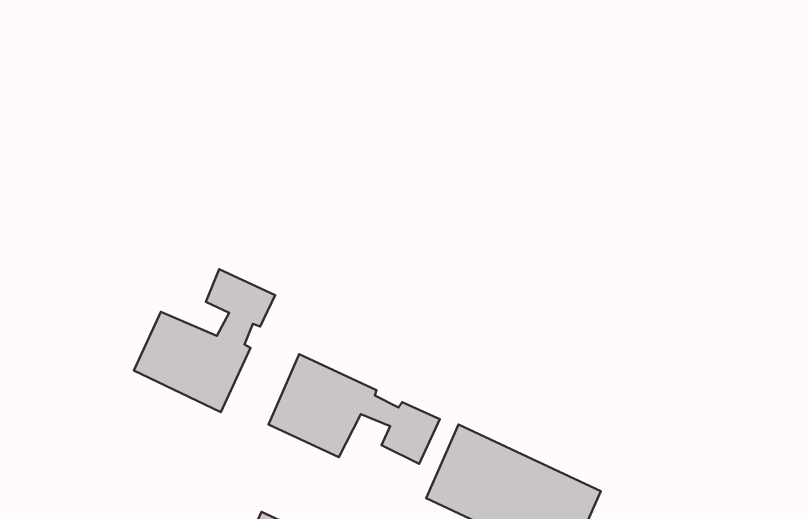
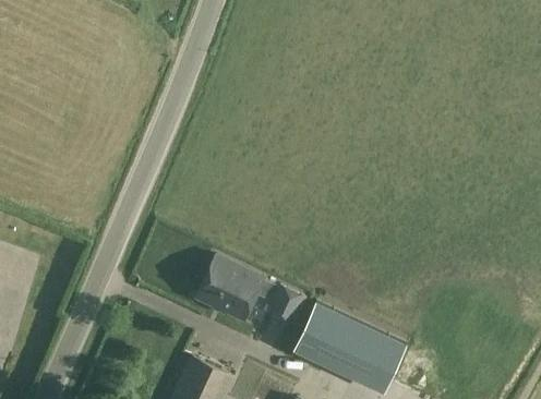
building: [134,269,275,412] -> none

